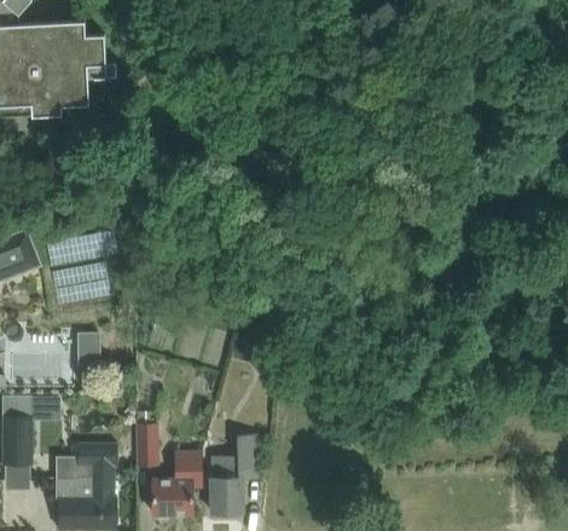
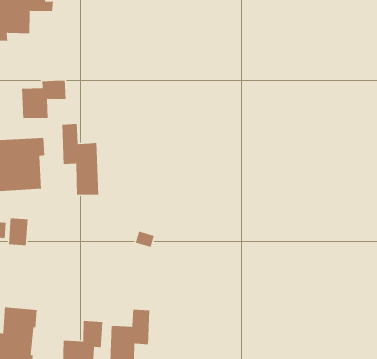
building: none -> [21,80,66,119]
building: none -> [61,123,99,196]
building: [133,425,156,466] -> none

